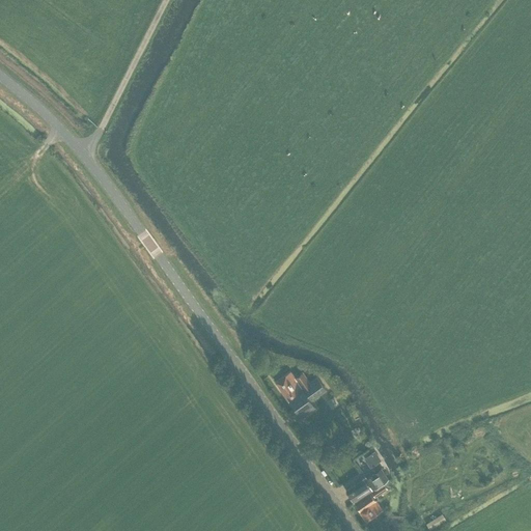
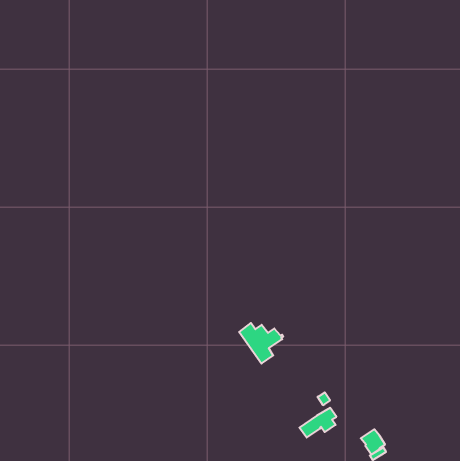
building: [353,493,381,522] -> [361,429,385,455]

